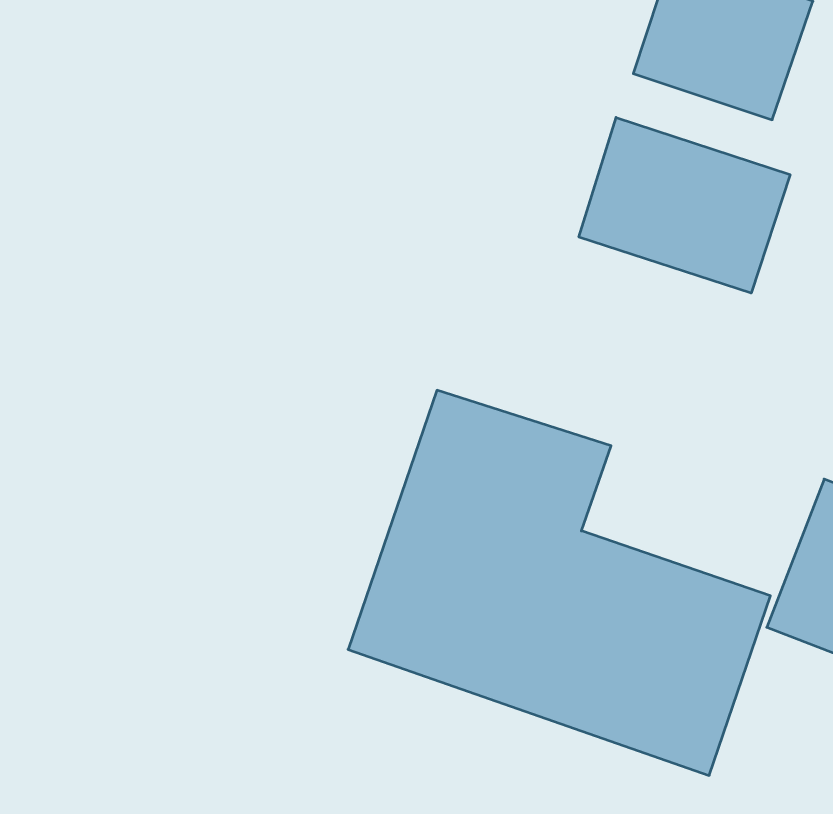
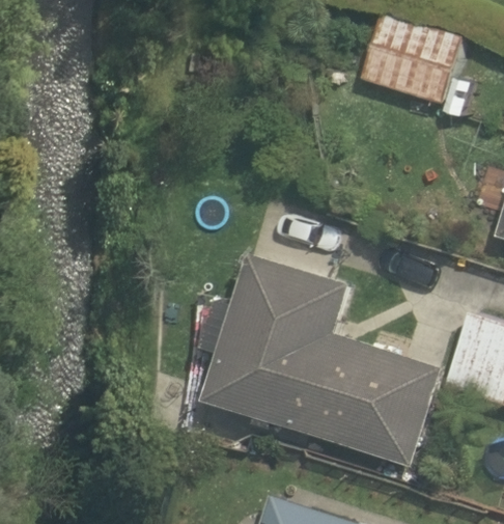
building: [579,117,790,293] -> none

